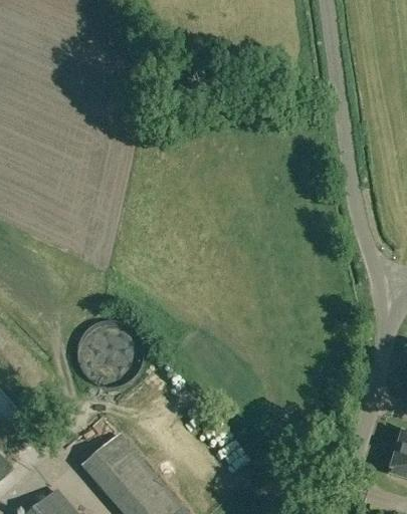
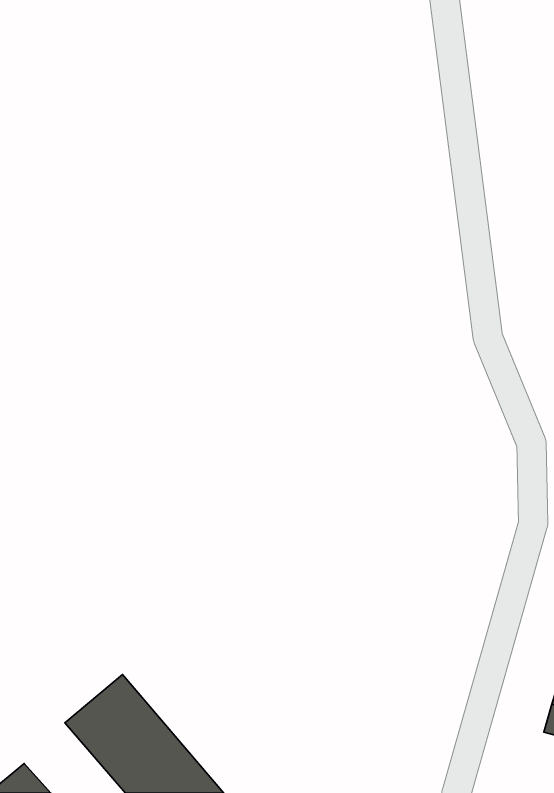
building: [83,315,146,382] -> none

